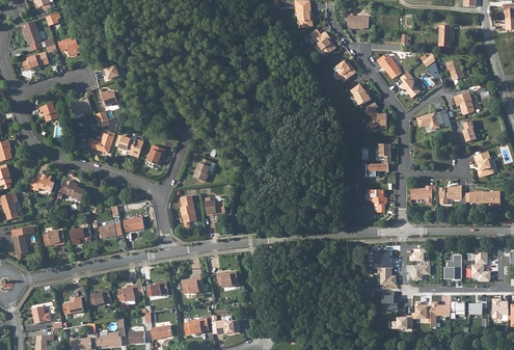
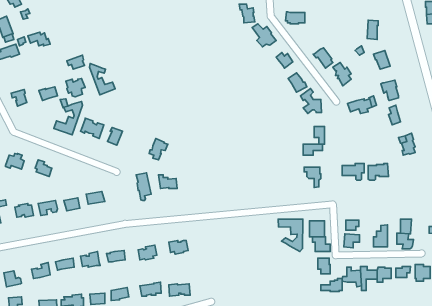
building: none -> [89,64,115,95]
building: [469,191,499,206] -> none
building: none -> [278,219,303,252]

